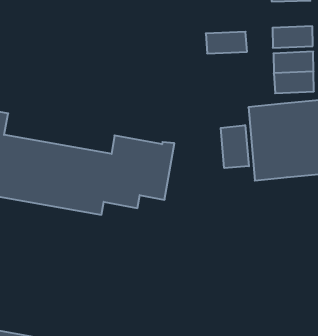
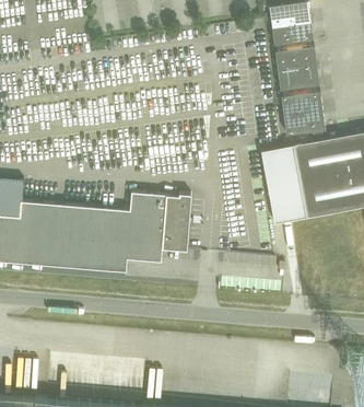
building: [206,32,247,53] -> [274,46,317,71]
building: [221,125,249,168] -> none

